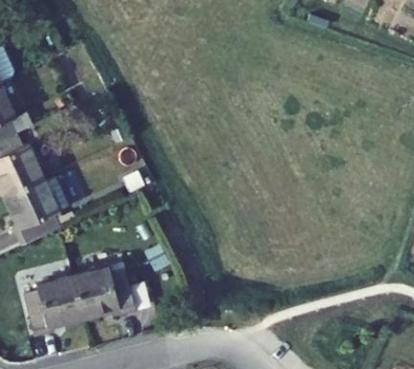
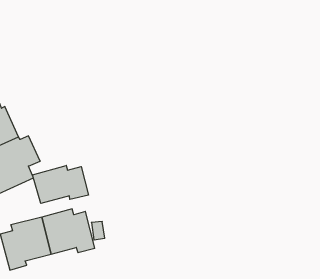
building: none -> [33,165,88,203]

